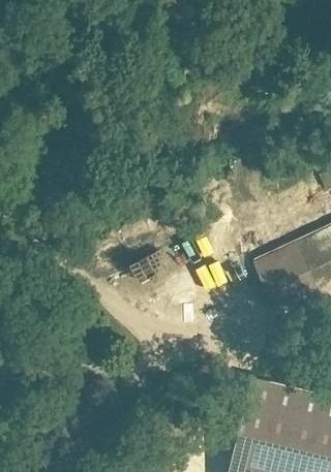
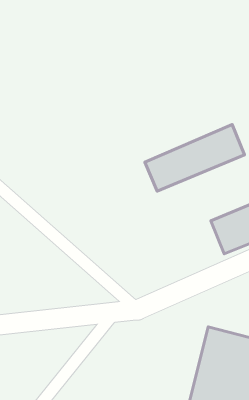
building: none -> [145,125,245,191]

